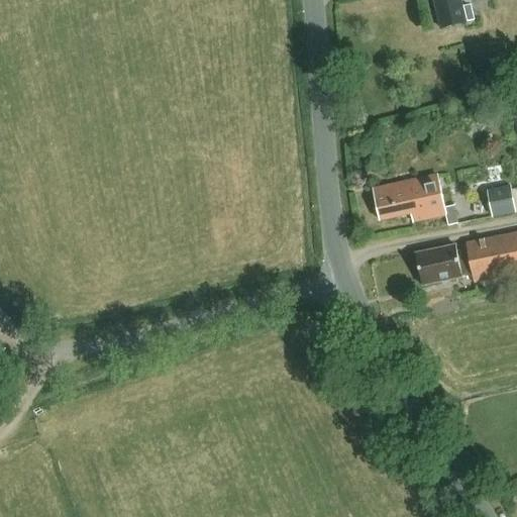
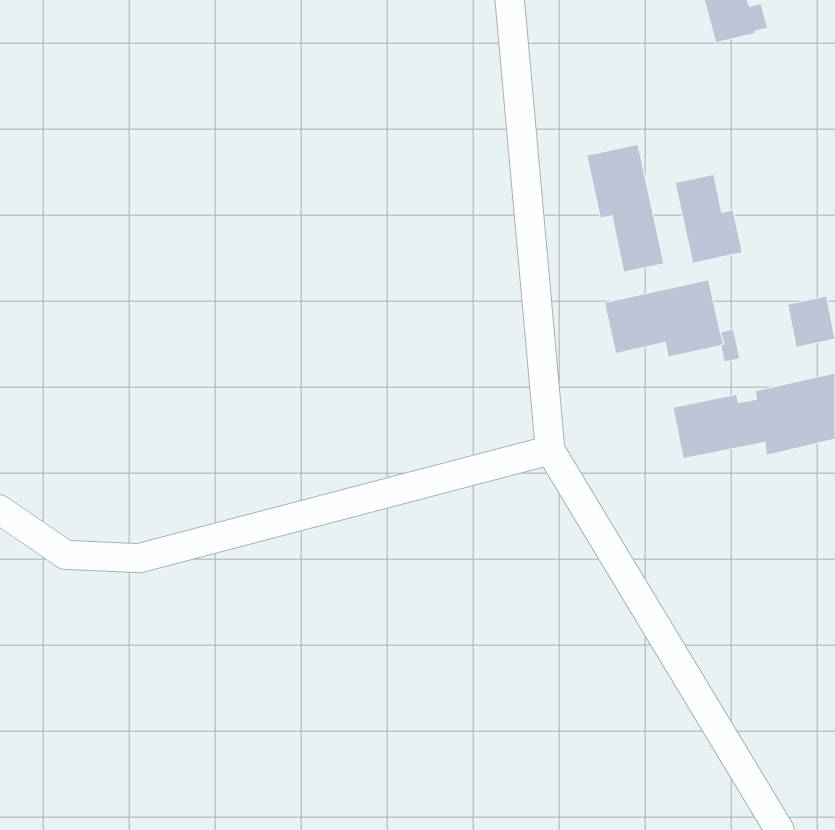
building: none -> [587,144,664,272]
building: none -> [675,174,742,263]

